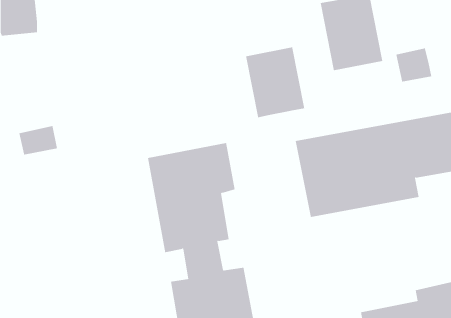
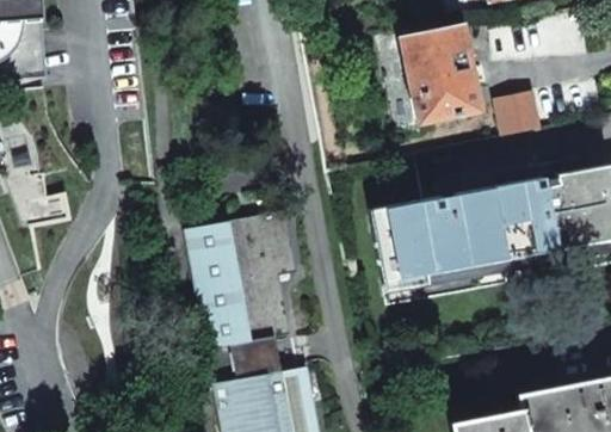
building: [246,46,305,118] -> none

